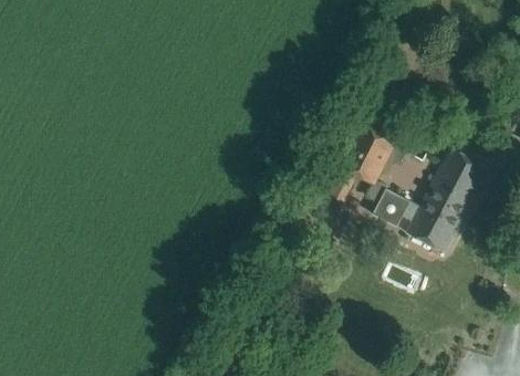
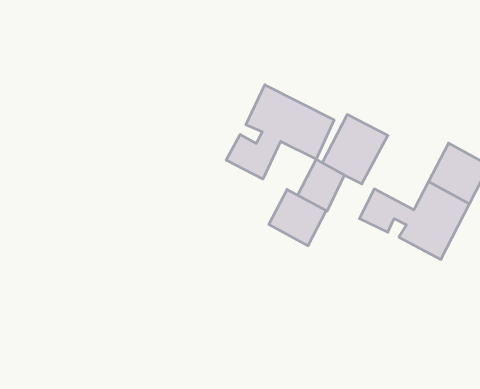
building: none -> [226,85,334,179]
building: none -> [269,189,326,246]

